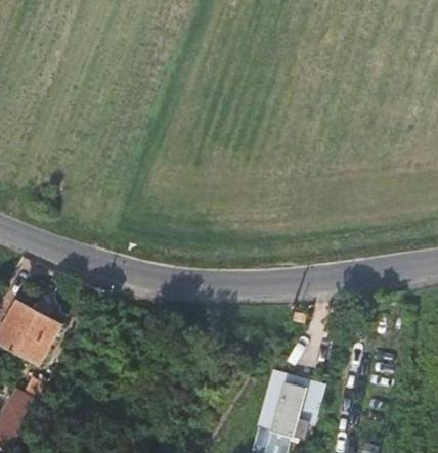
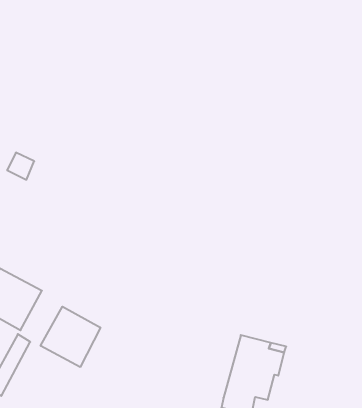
building: none -> [41,307,100,367]

